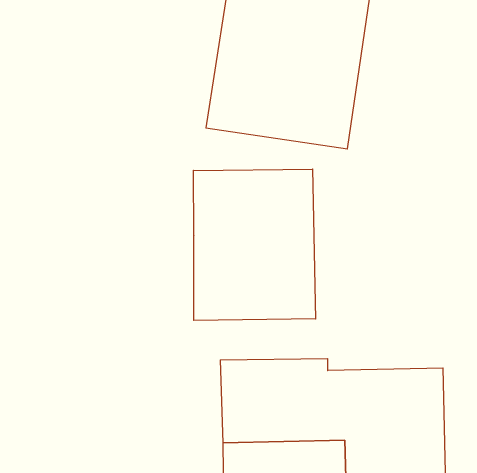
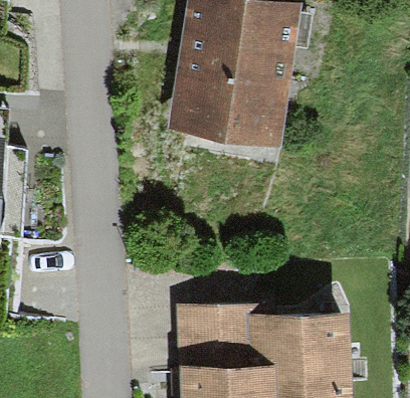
building: [193,169,316,320] -> none

